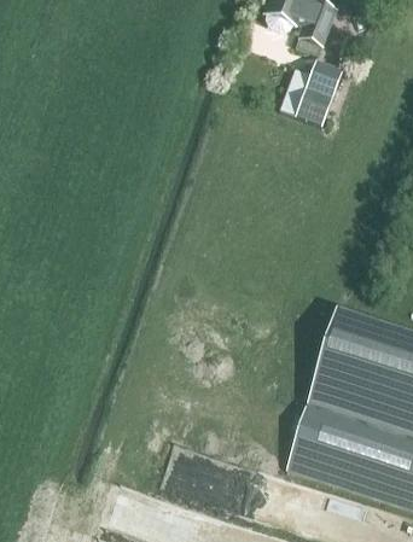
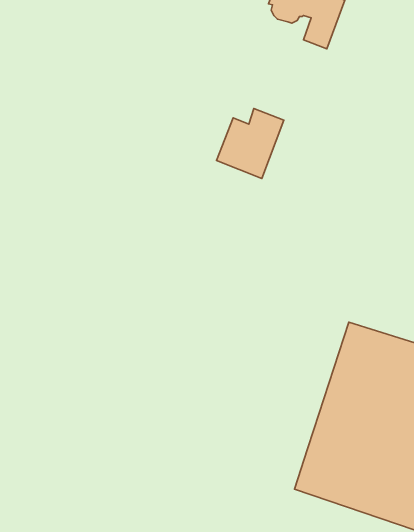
building: [280,59,343,124] -> [216,109,284,179]

